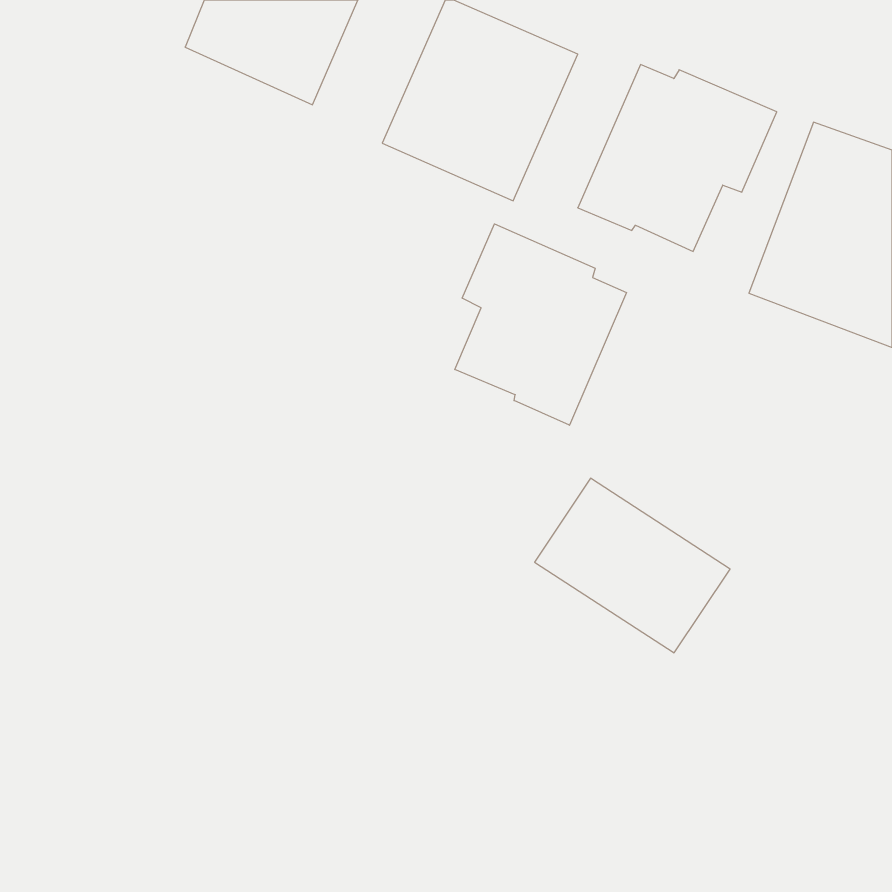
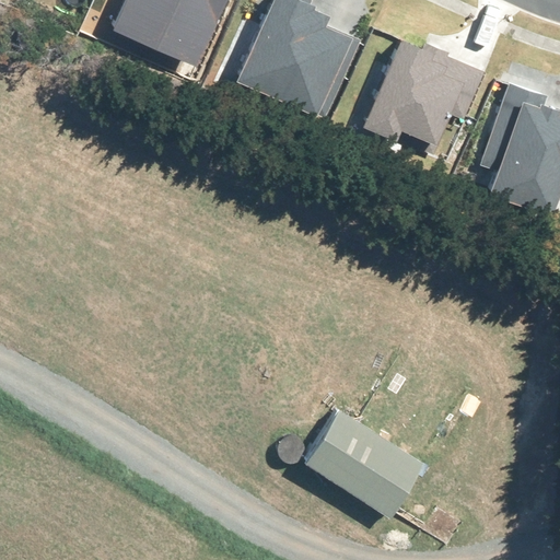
building: [455,224,627,425] -> none
building: [535,478,730,653] -> [296,398,419,508]

